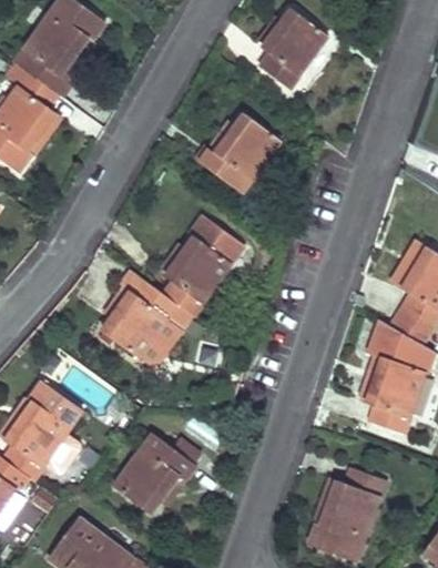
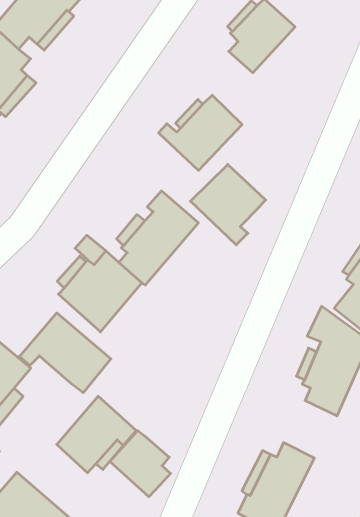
building: none -> [190,164,266,245]
building: none -> [19,313,111,393]
building: none -> [110,431,171,497]

